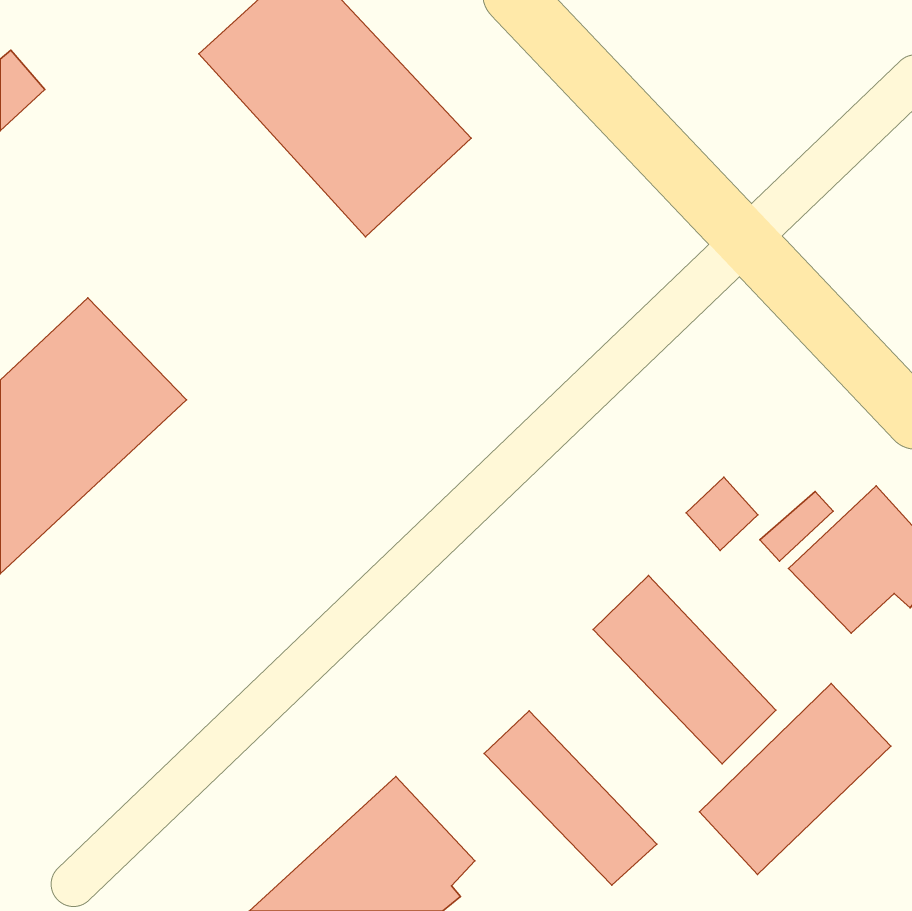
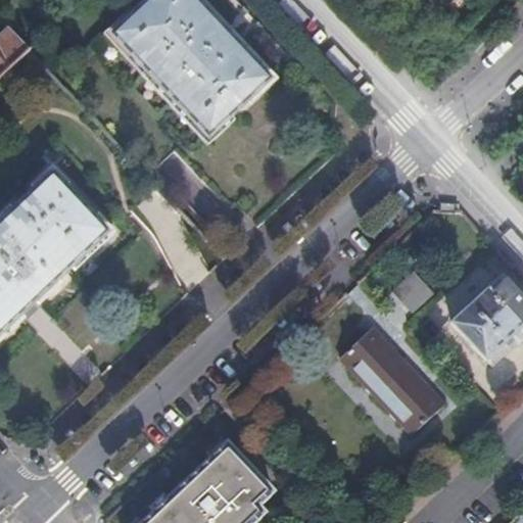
building: [699,683,891,875] -> none
building: [484,711,657,885] -> none

